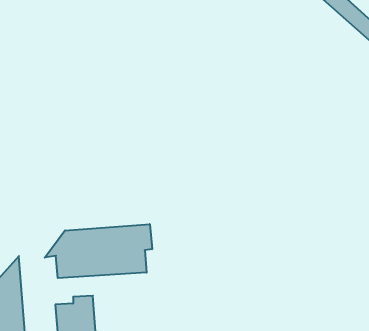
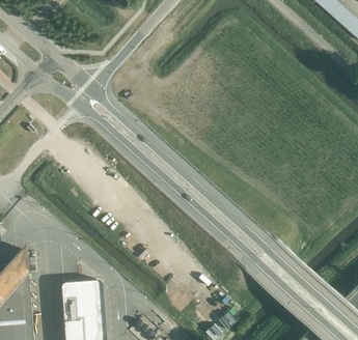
building: [45,224,152,278] -> none

